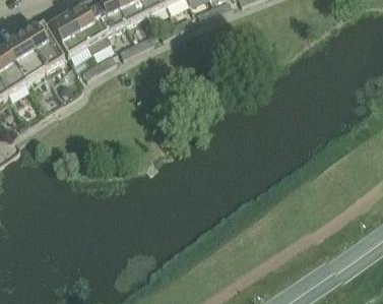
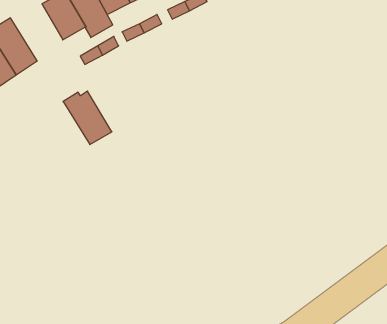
building: [21,25,64,72] -> [63,91,112,145]

